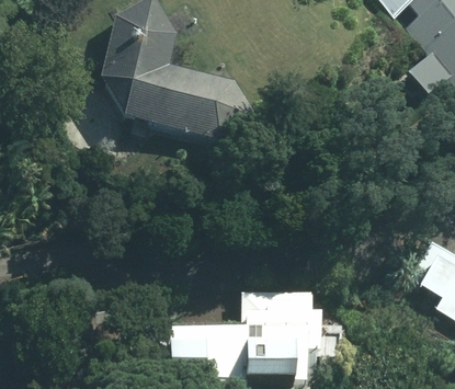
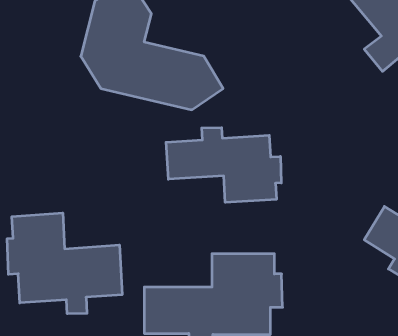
building: none -> [166,128,281,202]
building: none -> [7,213,122,314]

